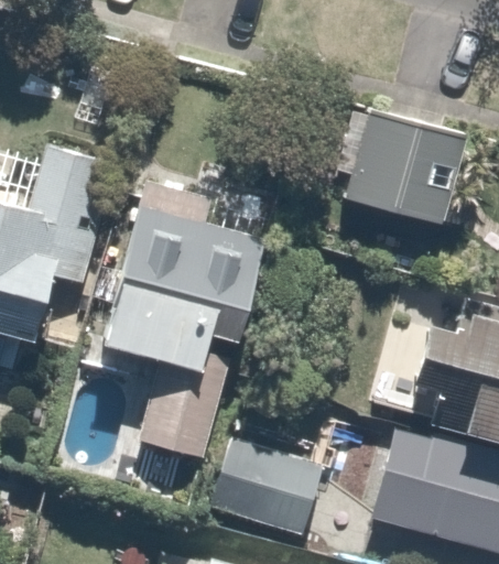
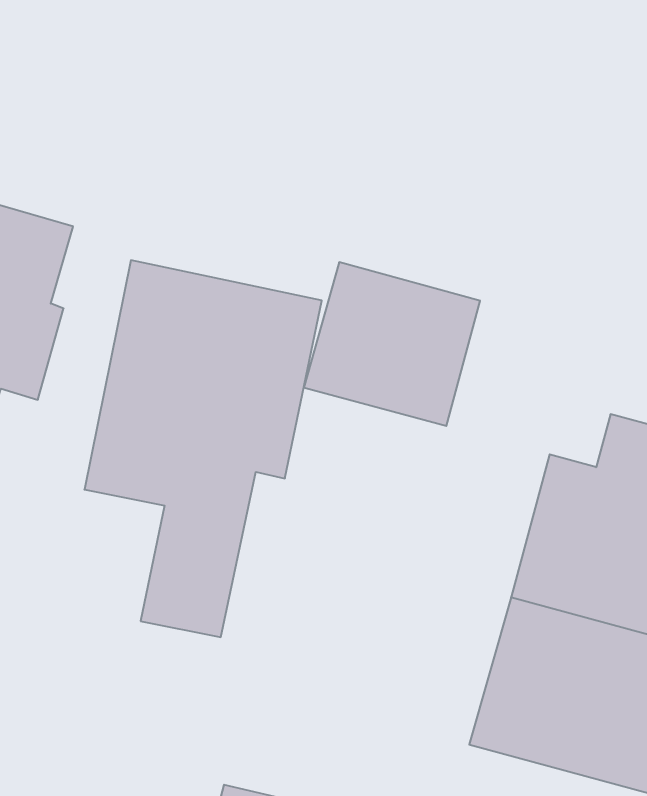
building: [346,112,467,225] -> [304,262,480,426]
building: [210,425,327,540] -> none

